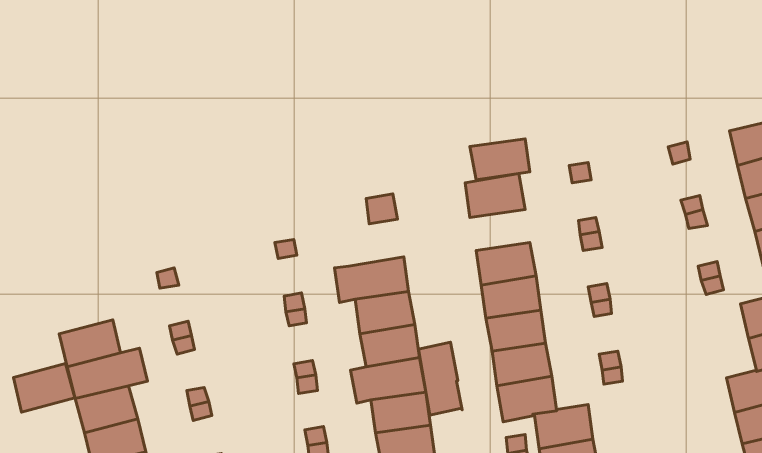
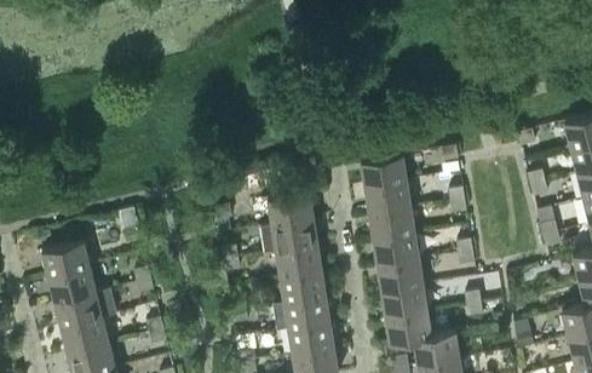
building: [470,139,530,180] -> [364,182,410,213]
building: none -> [268,191,314,225]
building: [419,342,462,415] -> none
building: [14,363,75,412] -> [42,240,90,277]

